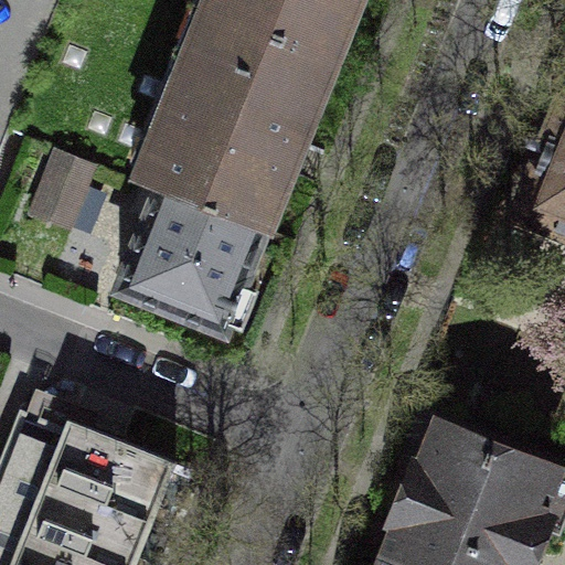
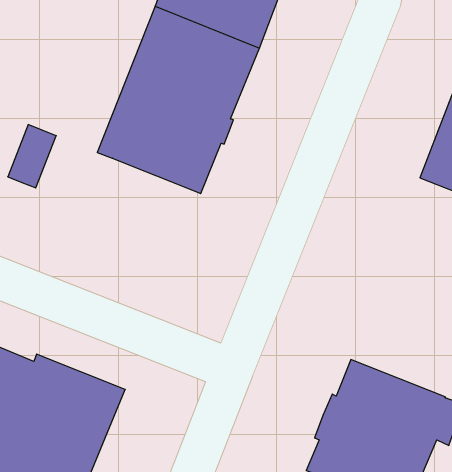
building: [119,189,264,330] -> none

